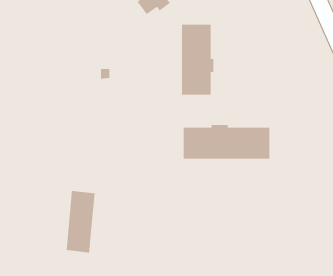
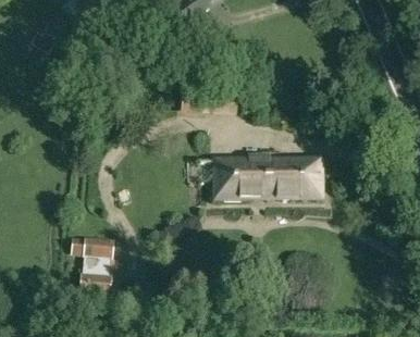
building: [181,24,214,96] -> none

